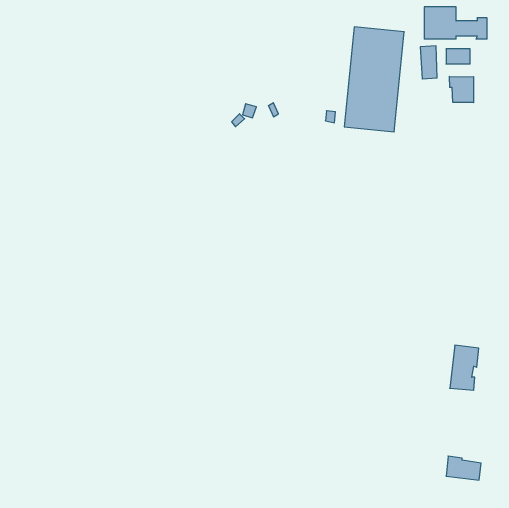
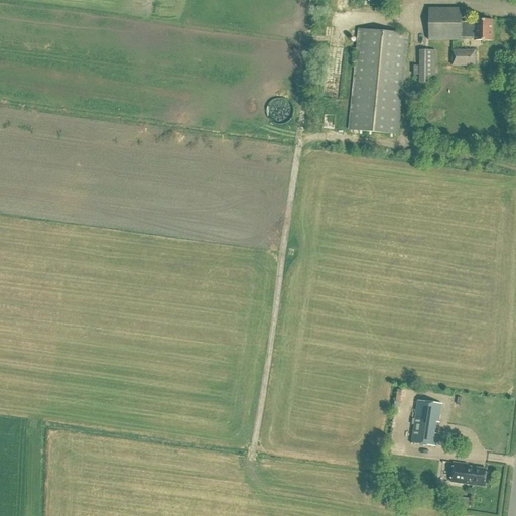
building: [449,76,474,103] -> none
building: [450,345,479,390] -> [406,402,435,447]

